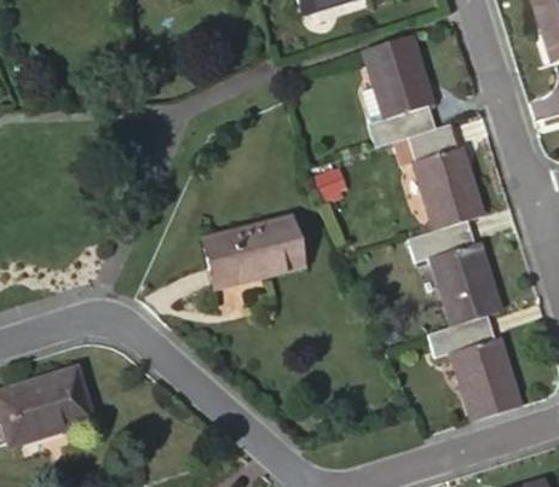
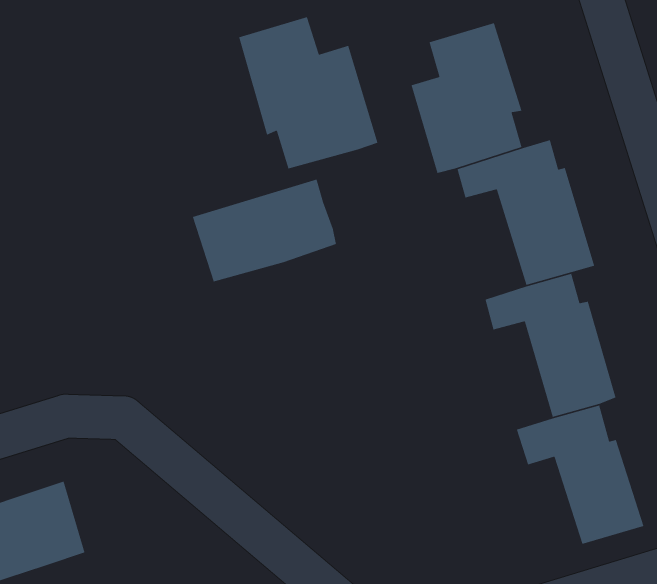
building: none -> [238,16,379,170]
building: [194,214,300,290] -> [192,179,337,283]

